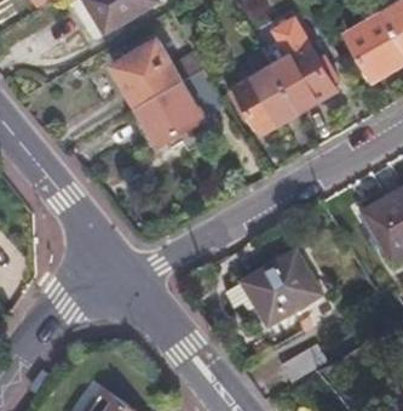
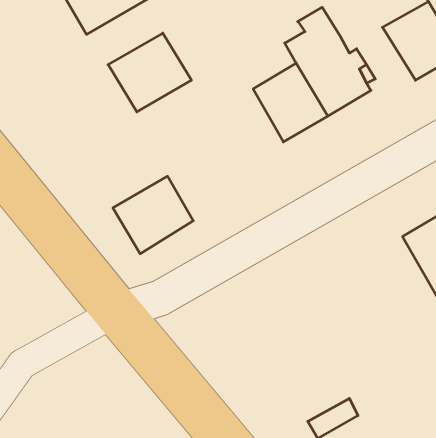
building: [137,80,205,145] -> [113,176,193,254]
building: [240,252,318,327] -> none

